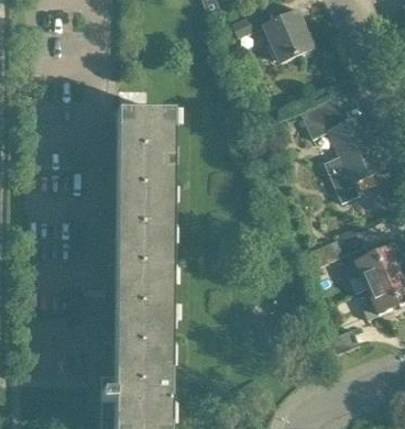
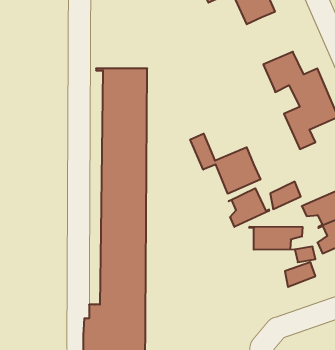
building: none -> [190,134,260,194]
building: none -> [229,188,269,227]
building: none -> [249,227,303,250]

